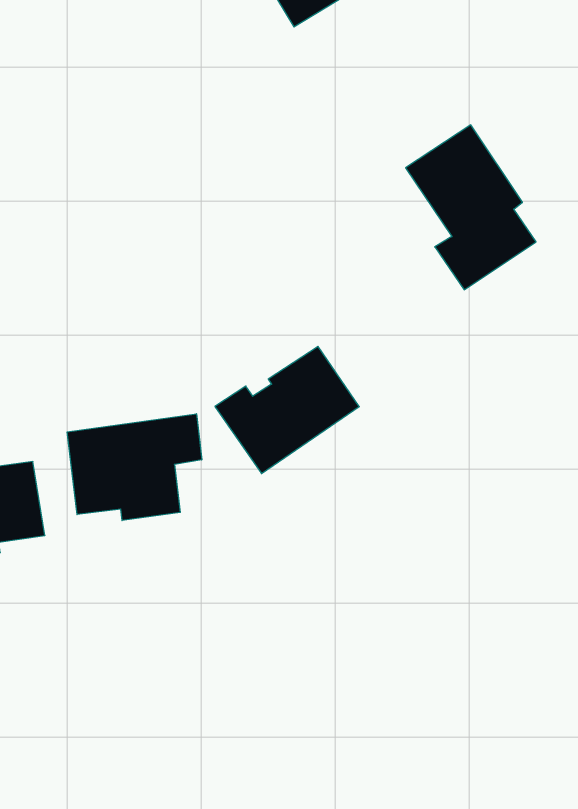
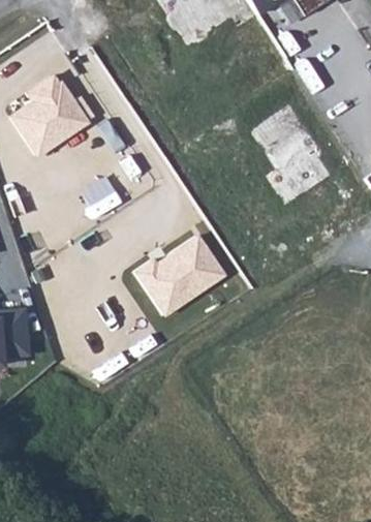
building: none -> [10,76,92,154]
building: [67,414,202,521] -> none

